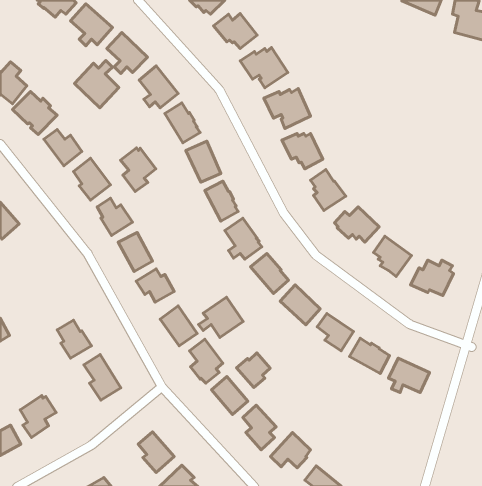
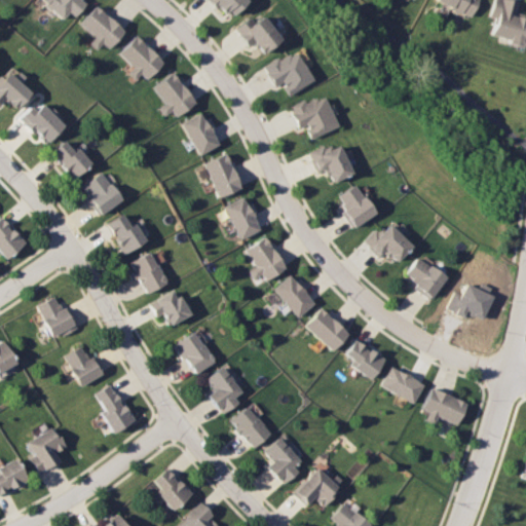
building: [74,60,119,108] -> none
building: [121,148,156,192] -> none
building: none -> [40,298,79,337]
building: [198,297,243,338] -> none
building: [237,353,270,387] -> none

